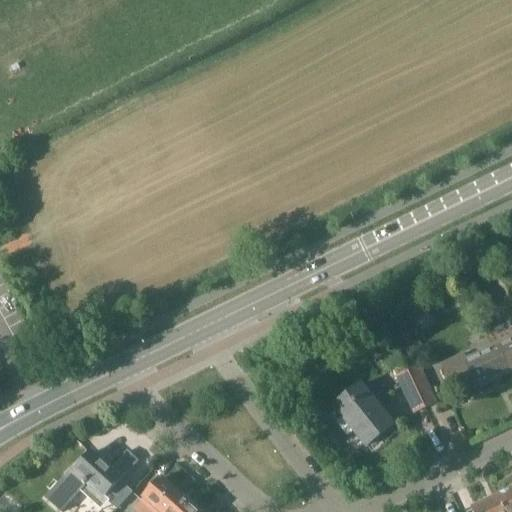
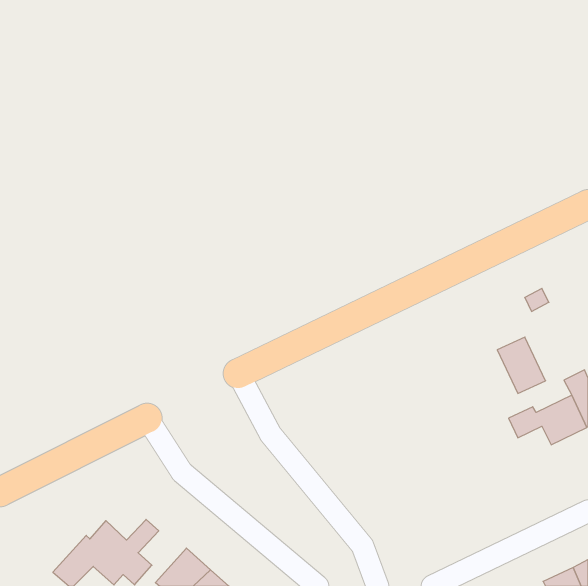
building: [394,366,436,415] -> [497,337,546,393]
building: [334,384,394,447] -> none

